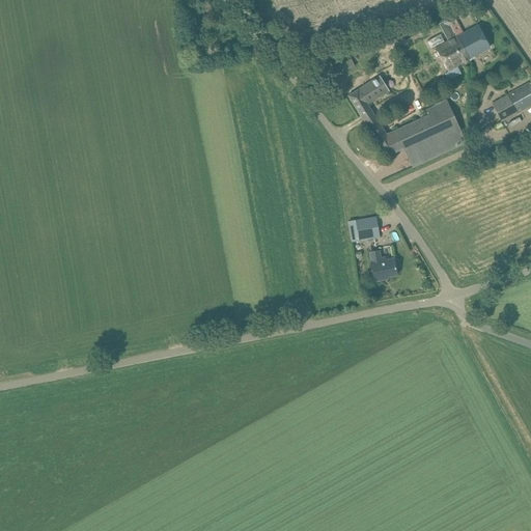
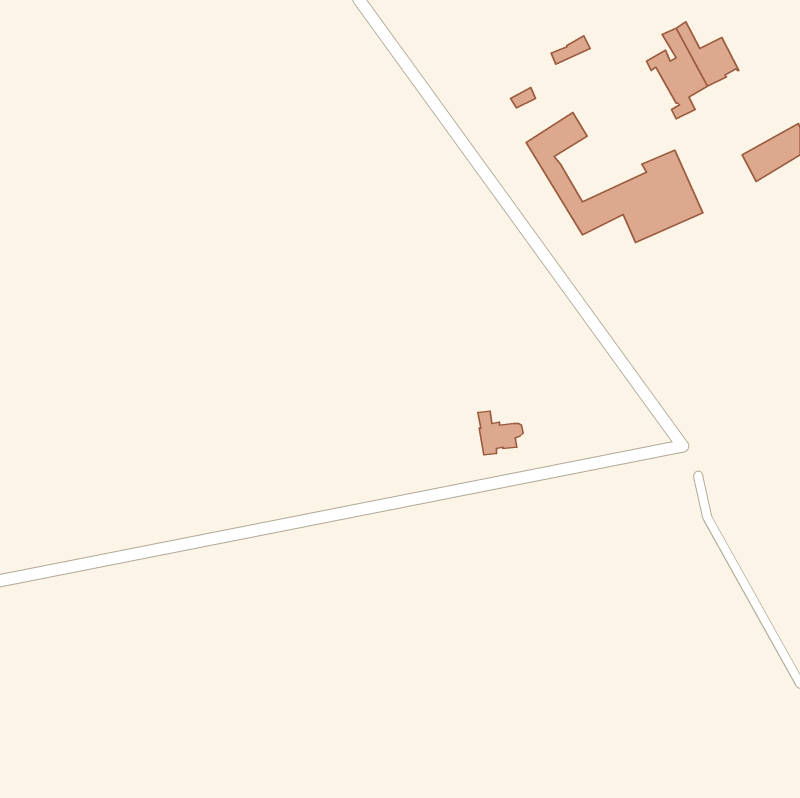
building: [356,216,380,240] -> none
building: [370,250,400,279] -> [478,411,523,455]

